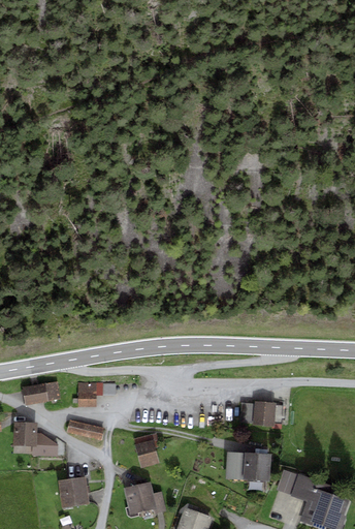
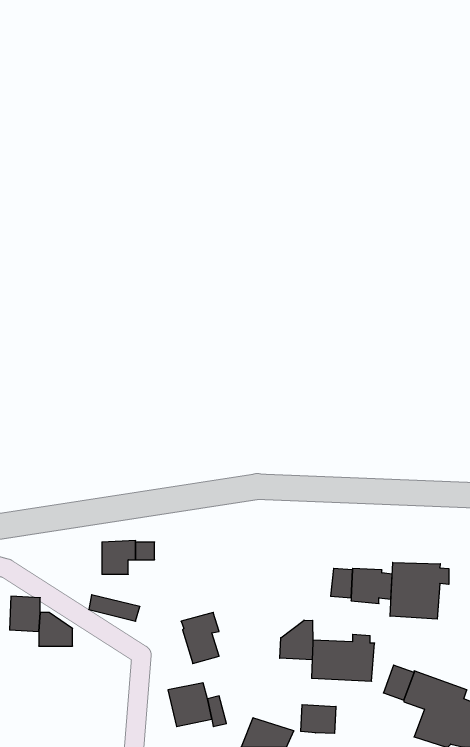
building: [22,381,59,404] -> none
building: none -> [390,562,449,619]
building: none -> [280,620,313,660]
building: [58,477,90,508] -> none
building: none -> [301,705,336,733]

